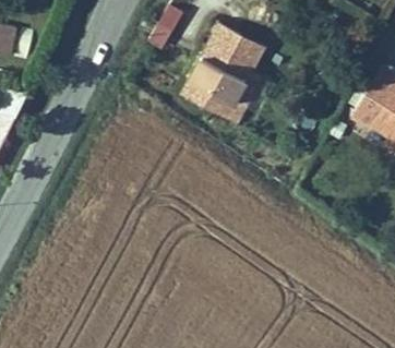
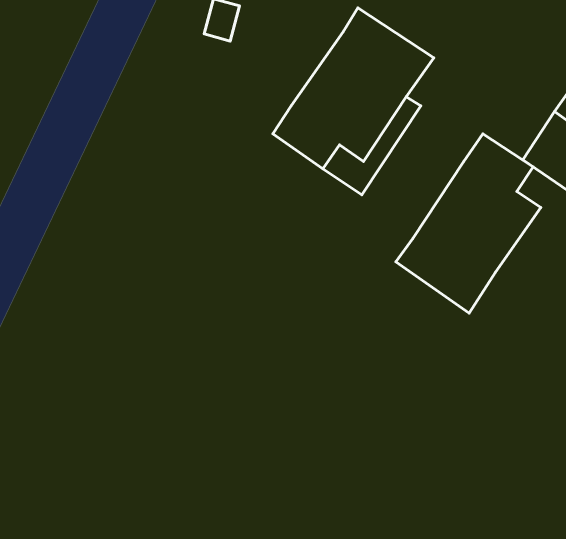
building: none -> [396,134,541,313]

